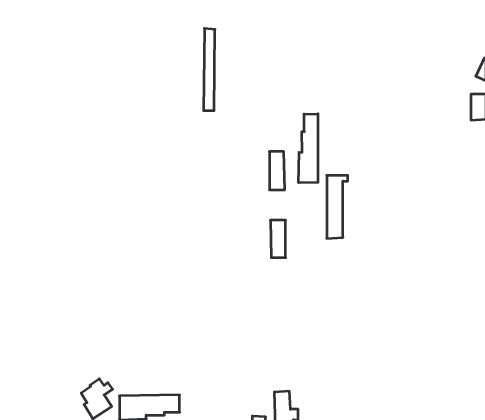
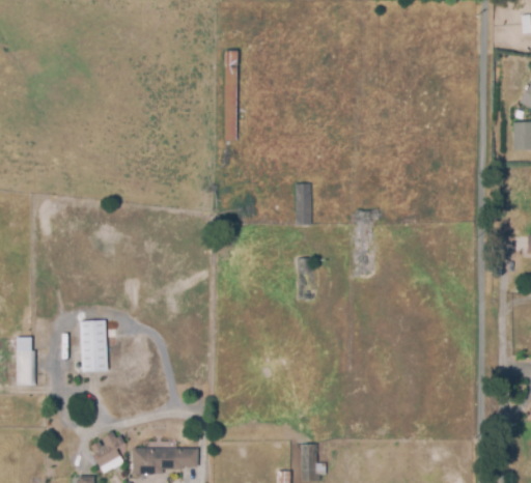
building: [299,114,318,183] -> none
building: none -> [80,318,108,371]
building: none -> [17,336,35,386]

